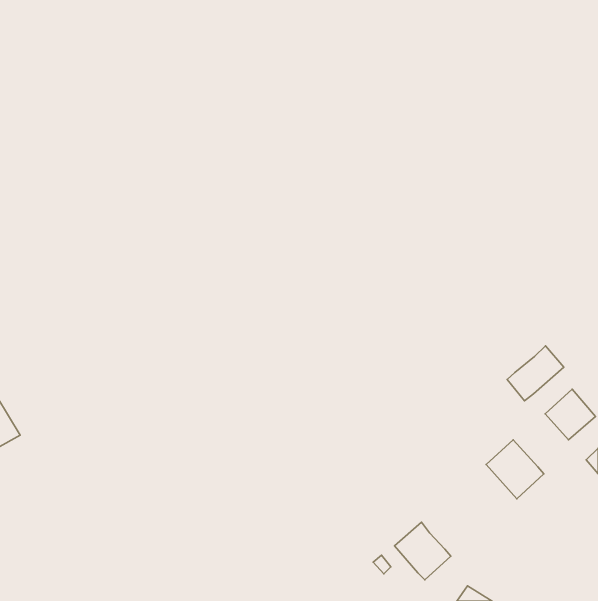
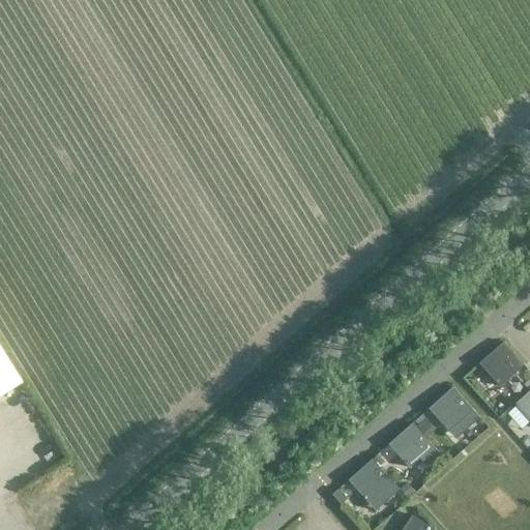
building: [507,346,564,401] -> none
building: none -> [388,423,440,468]

